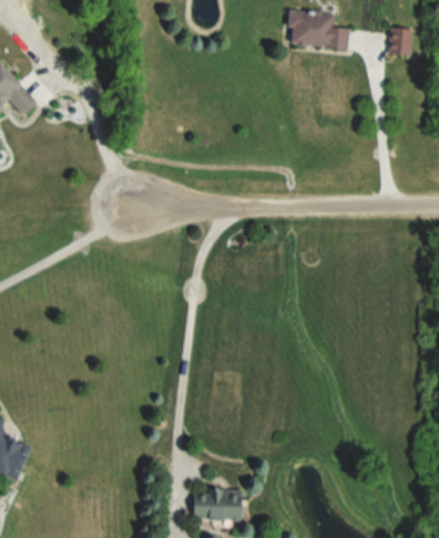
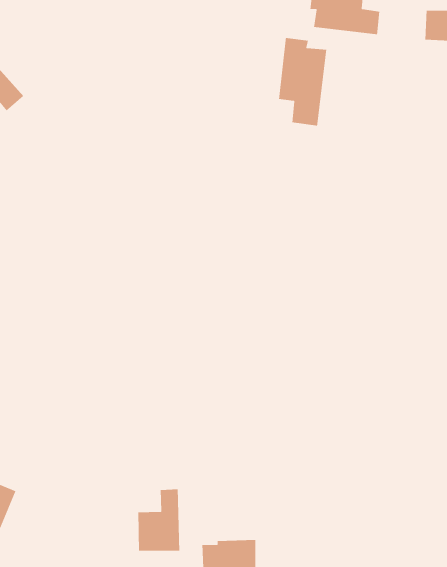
building: none -> [278,37,327,126]
building: none -> [137,489,180,552]

